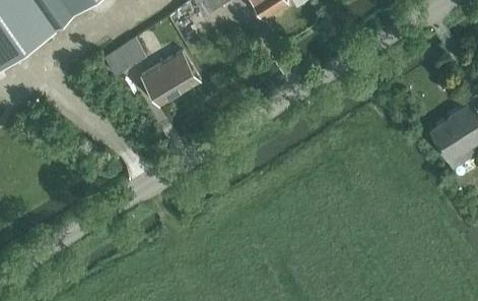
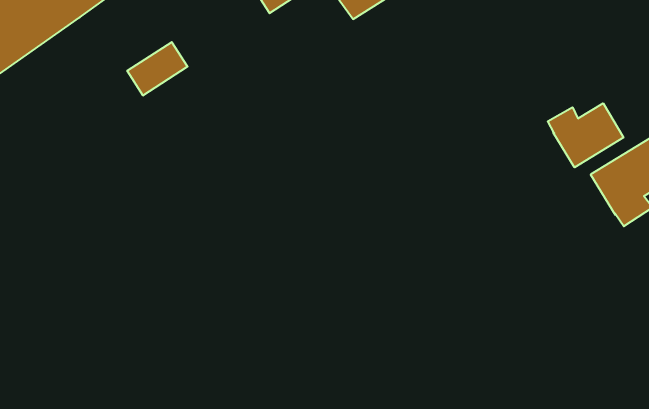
building: [140,50,200,106] -> none
building: none -> [548,103,623,167]

